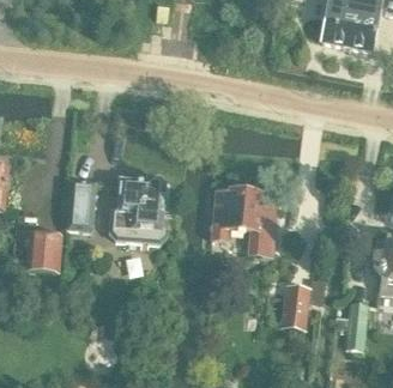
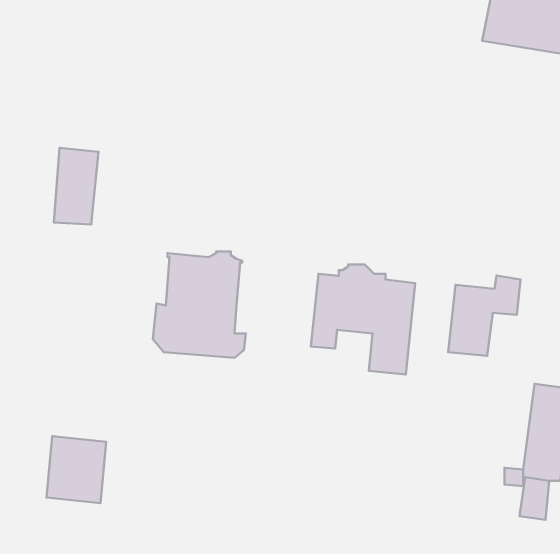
building: [66,180,95,229] -> [54,148,98,224]
building: [24,230,62,273] -> [46,436,106,503]
building: [280,278,327,329] -> [448,276,521,356]

